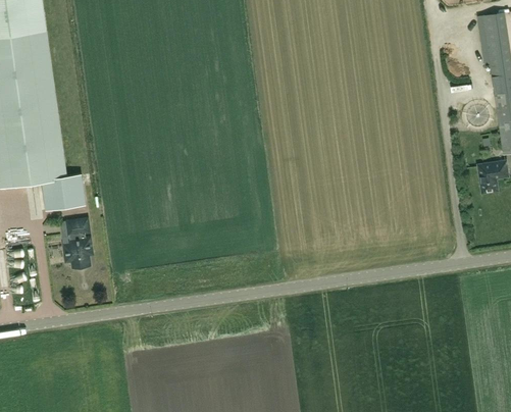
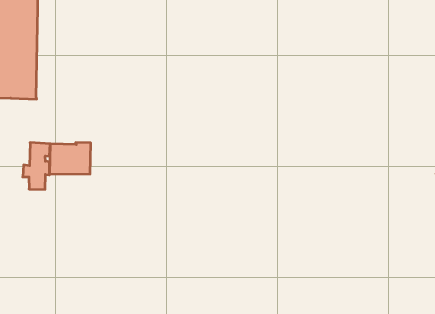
building: [41,173,86,211] -> [50,143,91,174]

